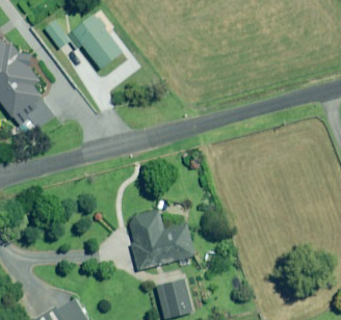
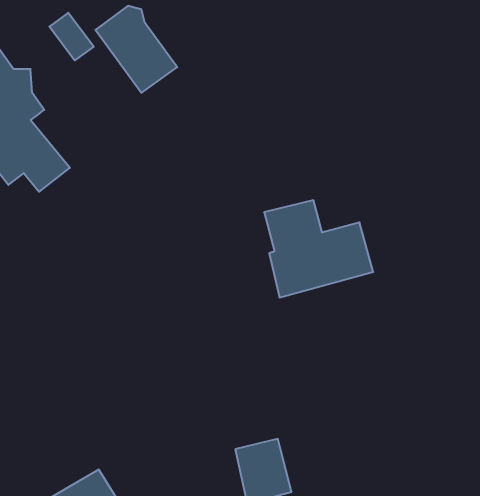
building: [128,211,194,270] -> [264,200,373,297]

